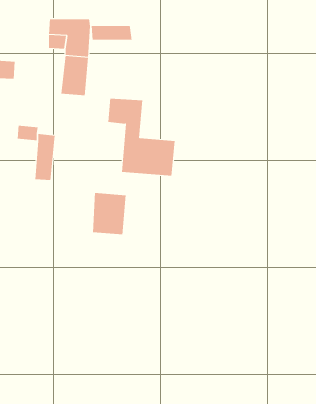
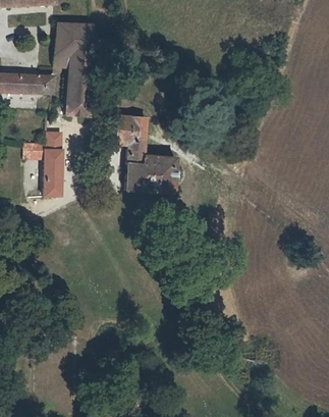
building: [91,26,133,40] -> [55,22,96,37]
building: none -> [22,79,50,97]
building: [92,192,126,235] -> none

